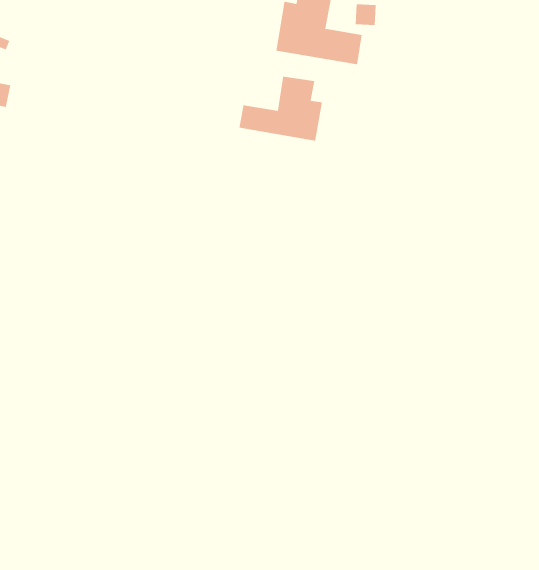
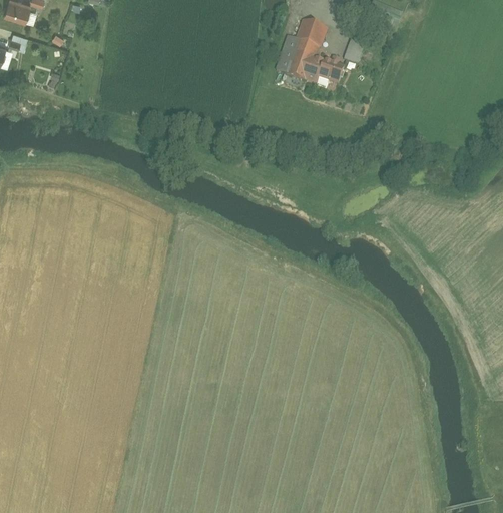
building: [239,76,322,141] -> none

